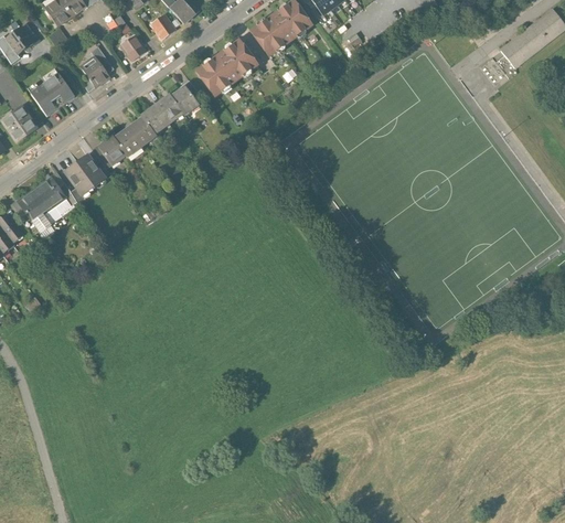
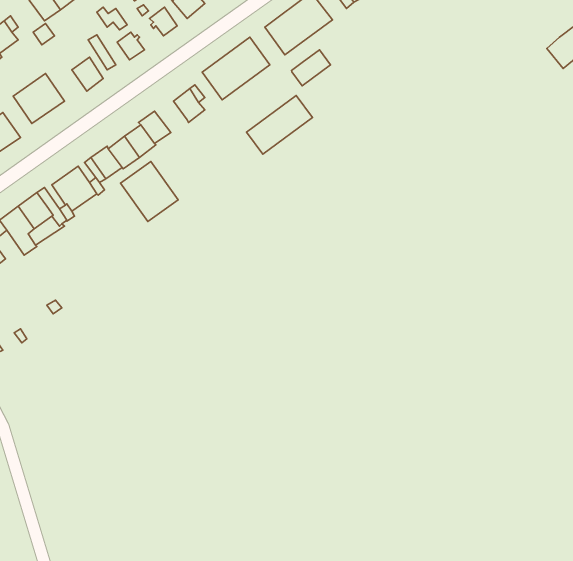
building: none -> [291,50,331,86]
building: none -> [246,96,312,154]
building: [154,94,183,124] -> none
building: none -> [121,162,178,222]

